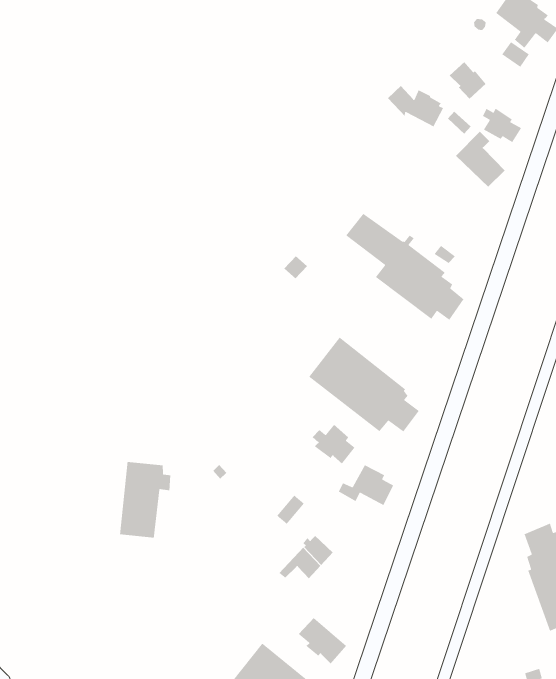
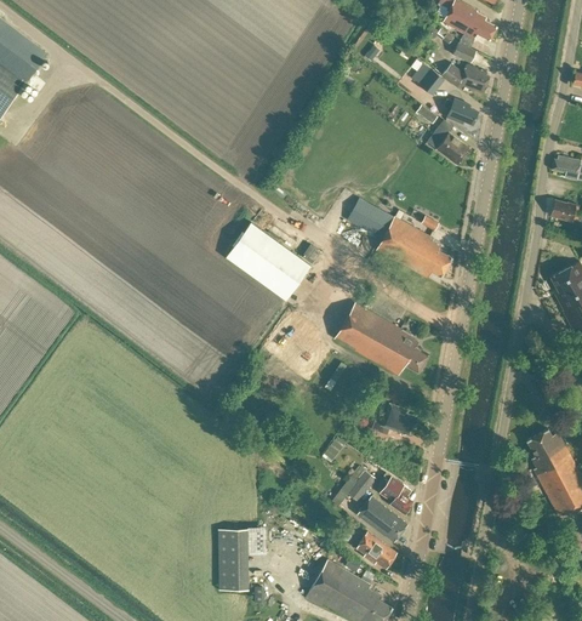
building: [387,85,444,127] -> [441,63,489,93]
building: none -> [227,222,310,298]
building: [312,424,355,465] -> none
building: [119,461,171,538] -> [217,526,256,588]
building: none -> [380,475,412,514]
building: none -> [356,496,407,541]

